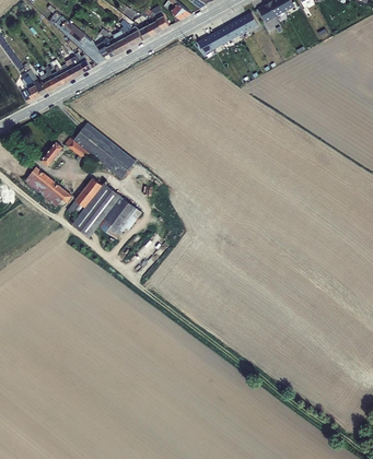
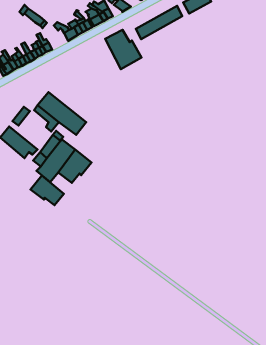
building: none -> [105,30,142,69]
building: none -> [31,175,64,205]

